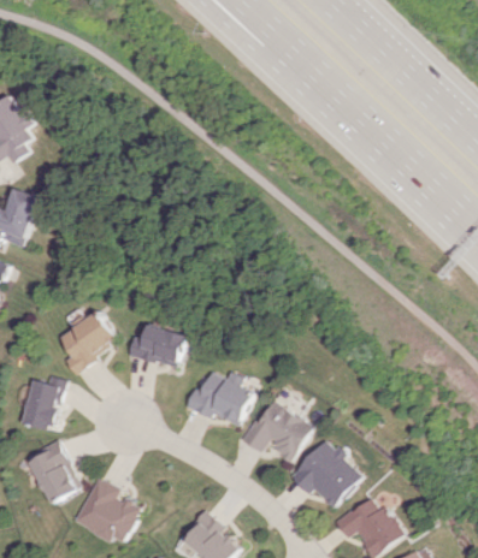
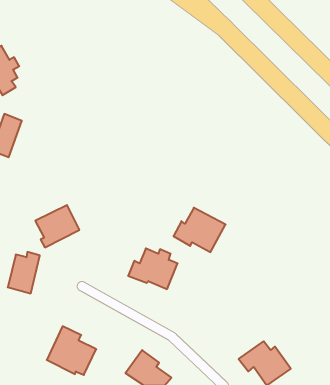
building: [126,325,185,368] -> none
building: [240,402,311,462] -> [173,208,226,252]
building: [289,439,361,507] -> none
building: [25,443,81,504] -> none

